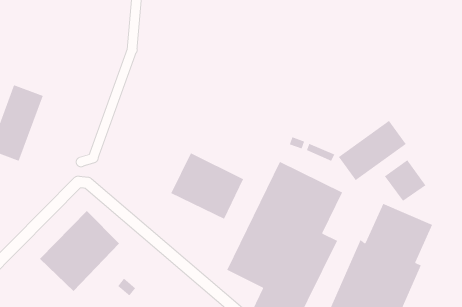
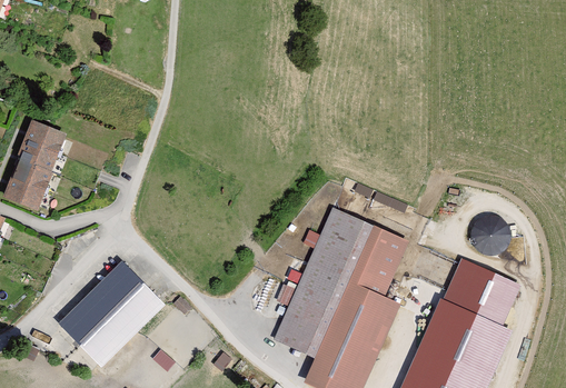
building: [338,120,407,181] -> none
building: [170,152,244,220] -> none

